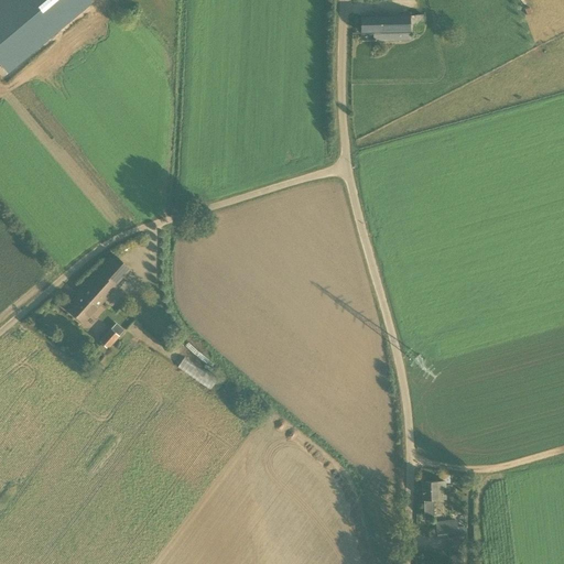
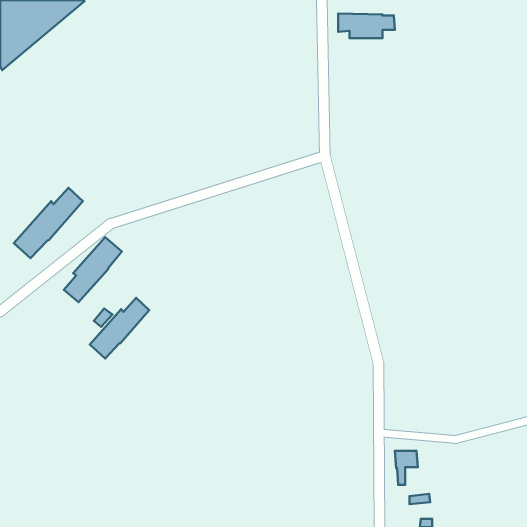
building: none -> [14,188,83,258]
building: none -> [90,298,149,358]

